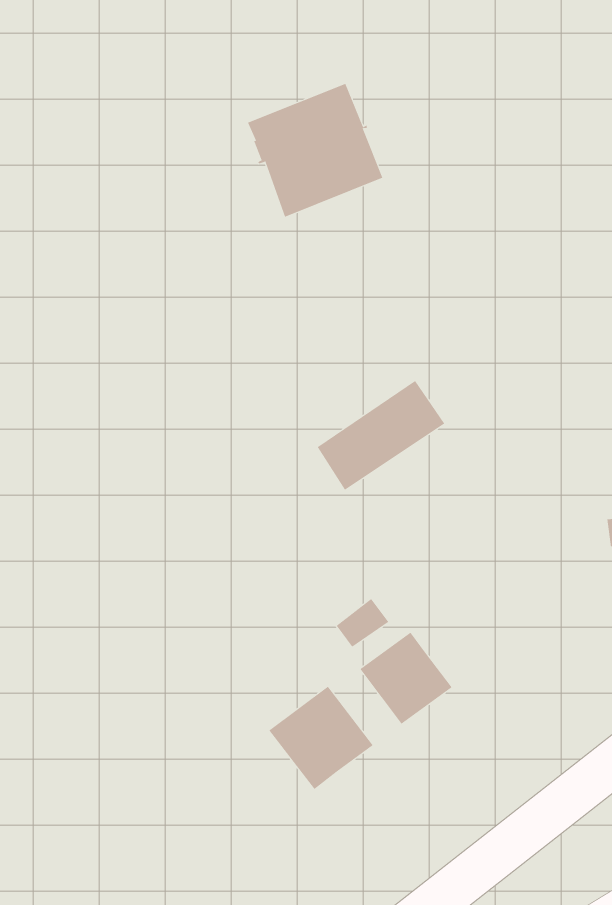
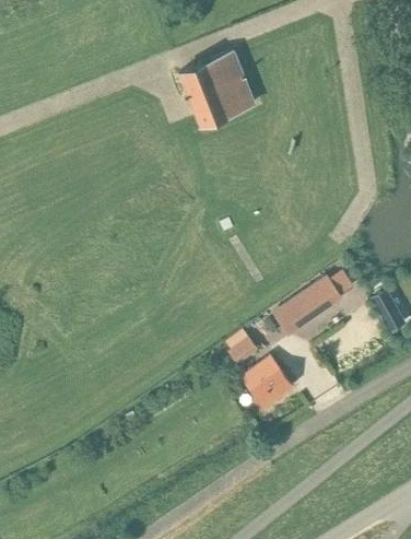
building: [317,380,445,491] -> [272,276,343,337]
building: [269,686,374,790] -> none

